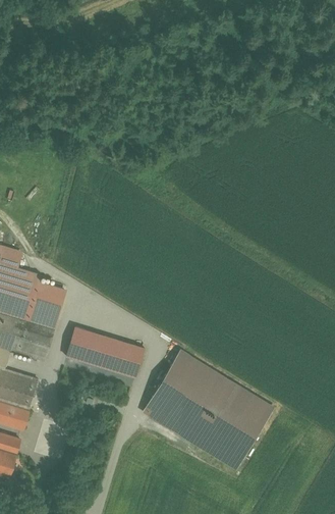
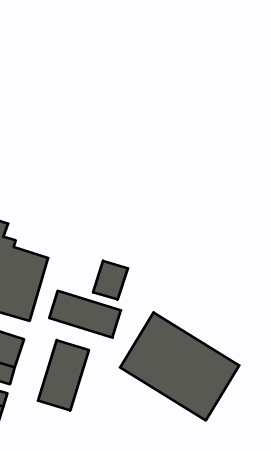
building: none -> [93,261,128,300]
building: none -> [38,340,89,411]

